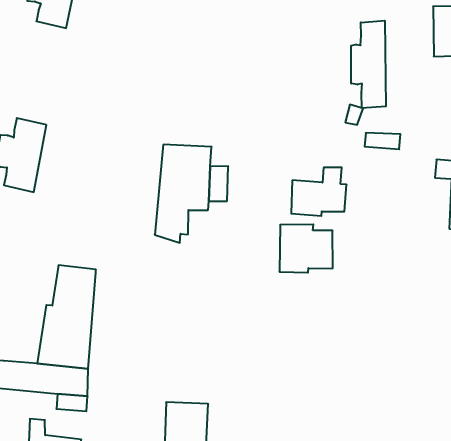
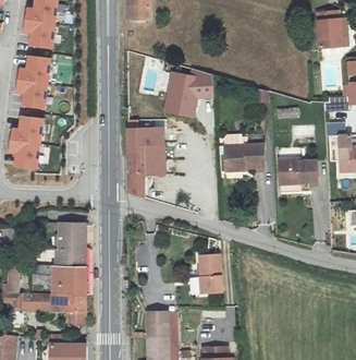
building: [351,21,386,108] -> none
building: none -> [15,57,51,109]
building: none -> [164,70,211,117]
building: [279,224,333,273] -> [277,155,317,191]
building: none -> [196,253,222,292]

